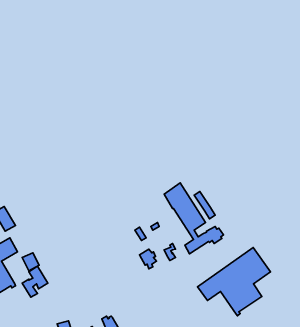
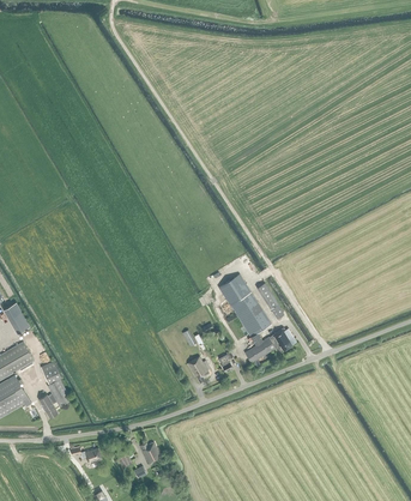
building: [197,248,270,316] -> none

